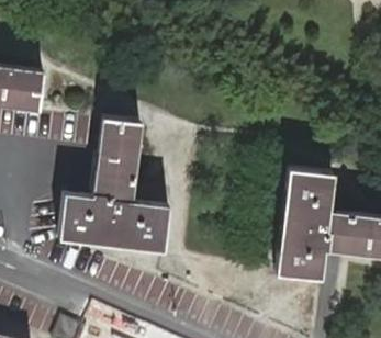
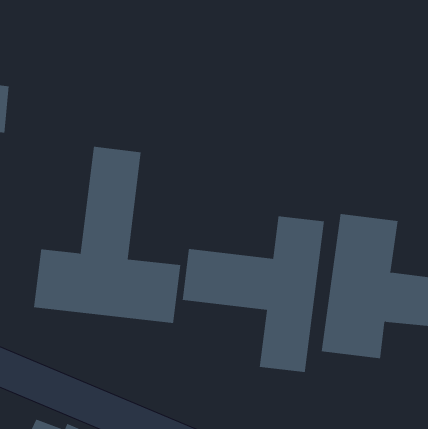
building: none -> [182,216,324,373]

